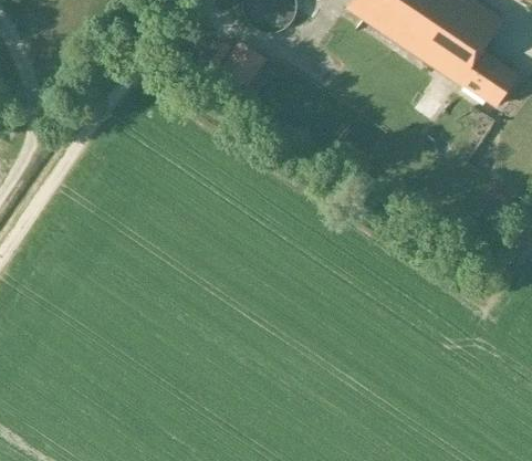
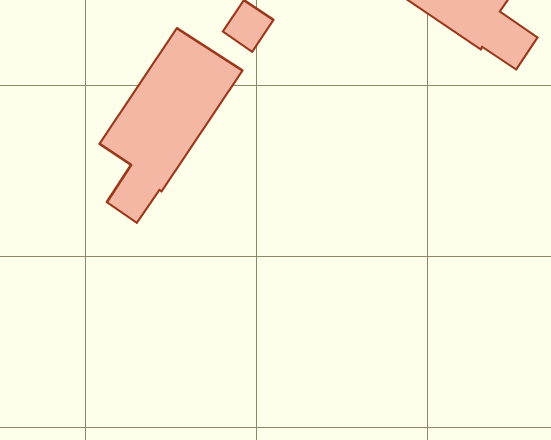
building: none -> [100,28,243,223]

